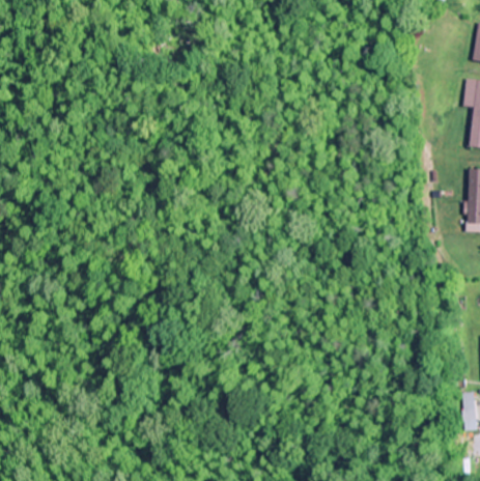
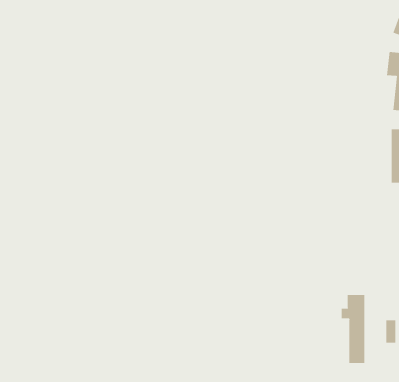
building: none -> [341,294,365,364]

